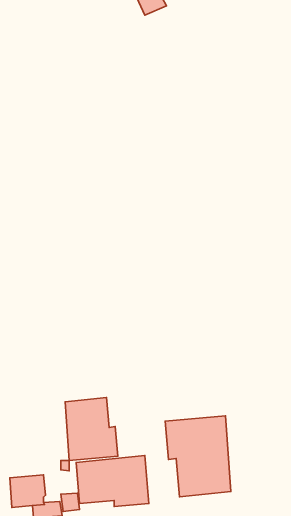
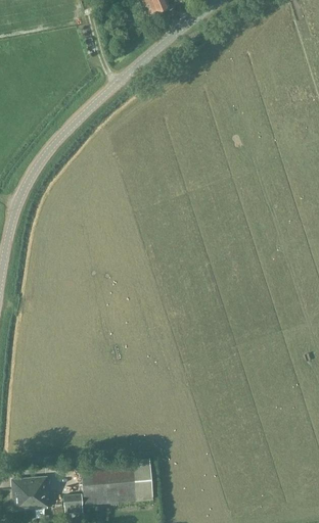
building: [65,398,118,461] -> none
building: [165,416,231,497] -> none

